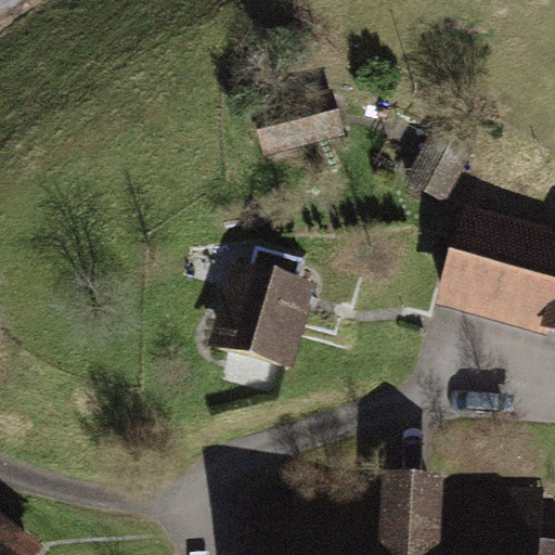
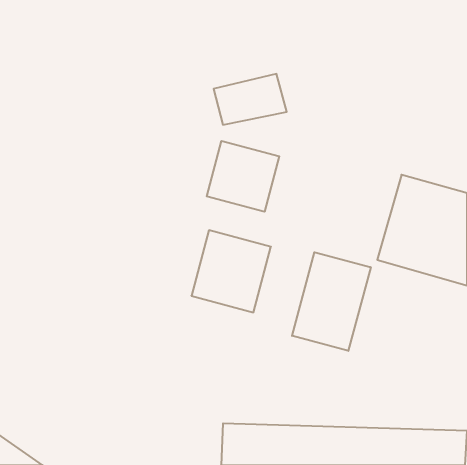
building: none -> [207,141,279,212]
building: none -> [292,252,371,351]

